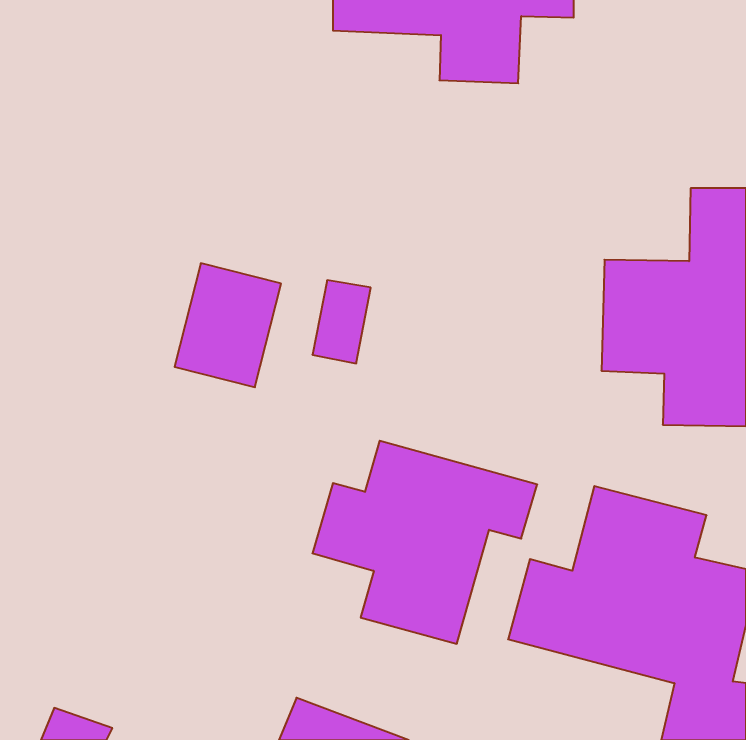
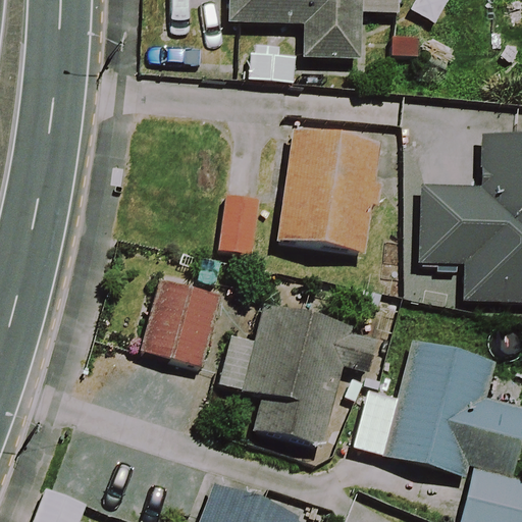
building: none -> [277,129,381,251]
building: [175,263,281,387] -> [144,279,218,366]

